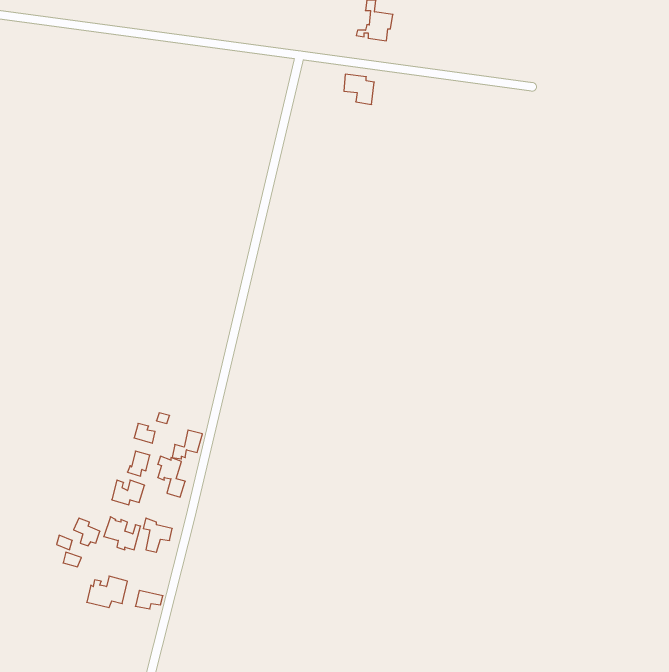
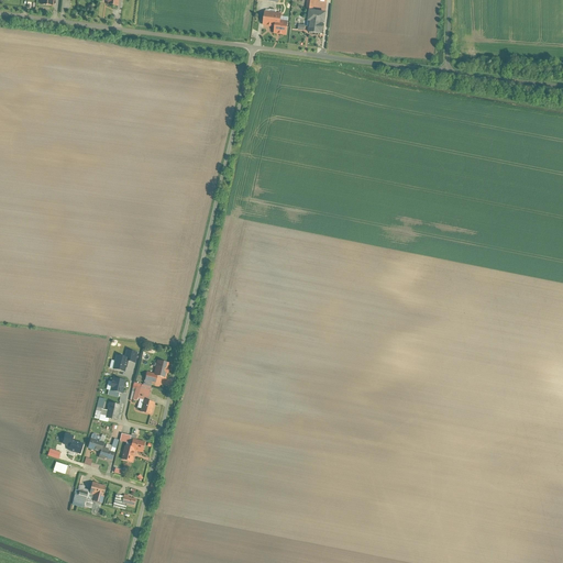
building: [344,74,374,104] -> [263,11,288,36]

